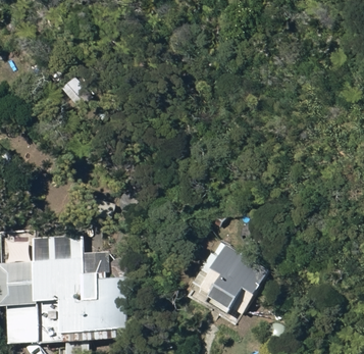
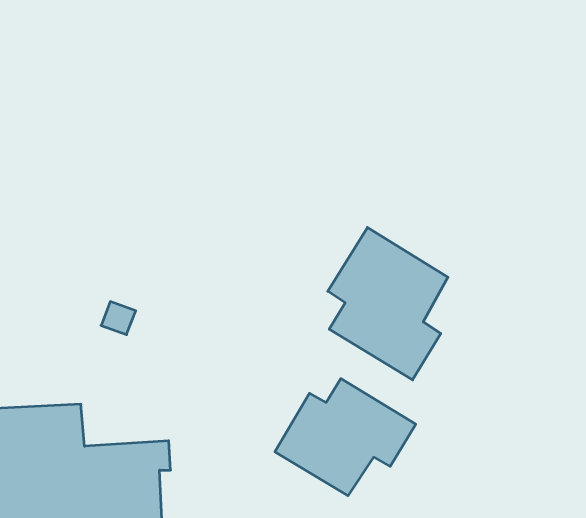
building: none -> [328,227,448,380]

